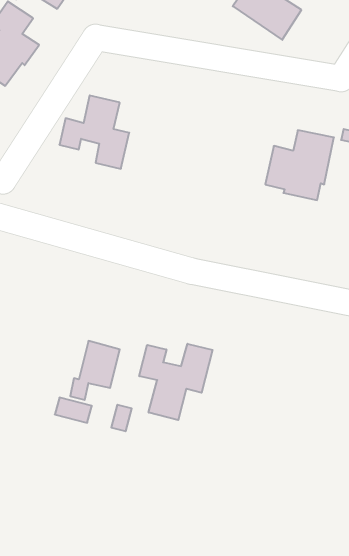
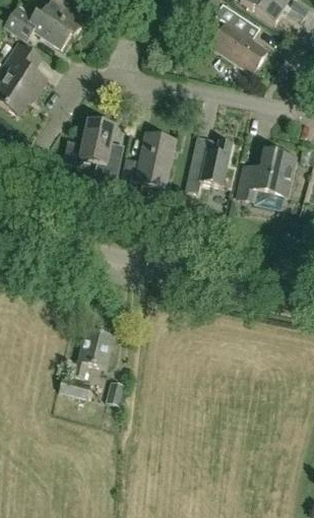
building: none -> [120,133,175,191]
building: none -> [186,134,233,191]
building: [139,344,213,420] -> none

